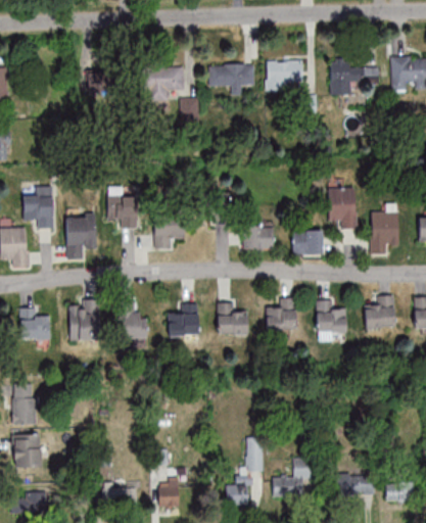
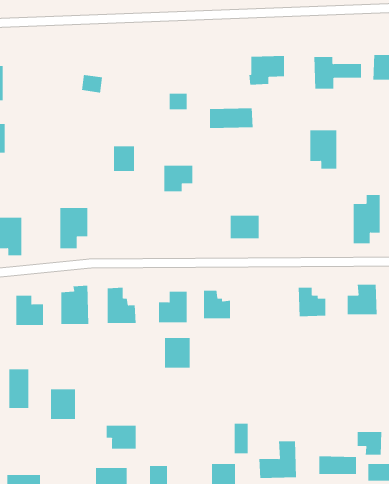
building: [206,63,252,85] -> [209,108,254,129]
building: [138,65,181,100] -> none
building: [25,187,53,228] -> none
building: [328,189,357,230] -> [310,130,337,169]
building: [115,200,138,227] -> [113,146,135,171]
building: [154,220,185,247] -> [164,165,193,192]
building: [292,232,323,255] -> none
building: [264,305,293,329] -> none
building: none -> [165,337,190,369]
building: [14,434,41,466] -> [50,389,76,419]
building: none -> [106,425,136,449]
building: none -> [357,431,382,456]

